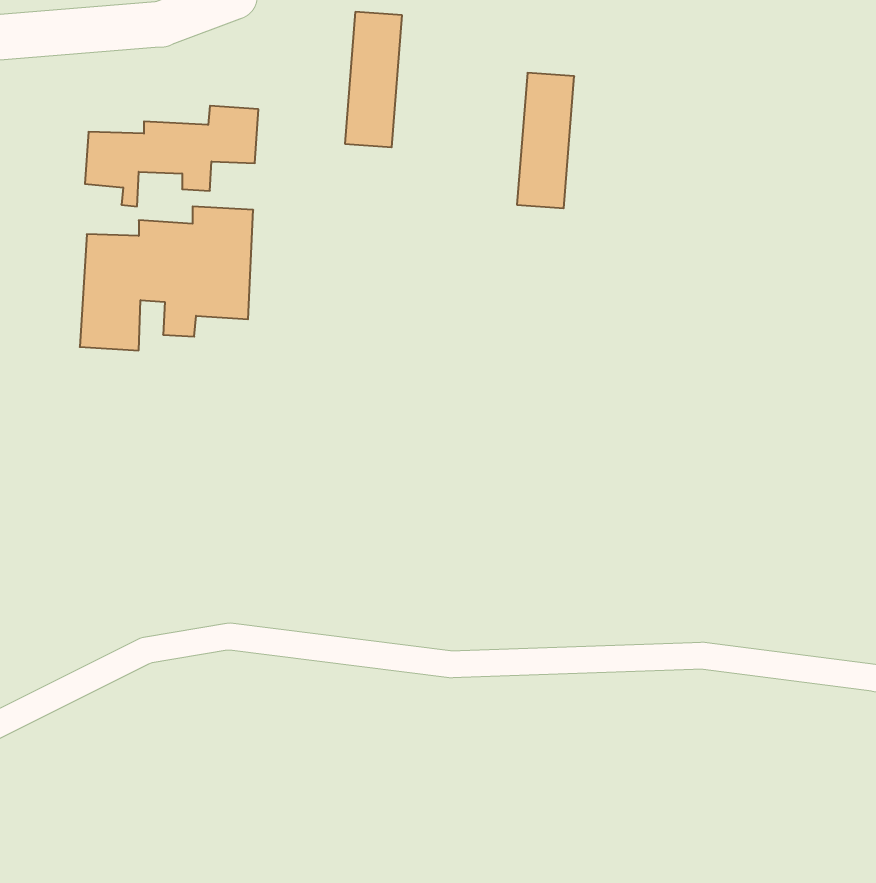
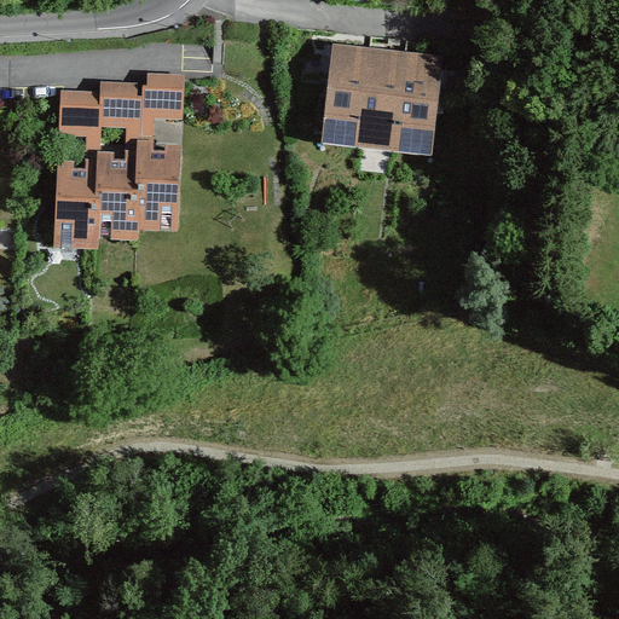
building: [345,12,402,147] -> [328,48,368,143]
building: none -> [393,53,432,147]

